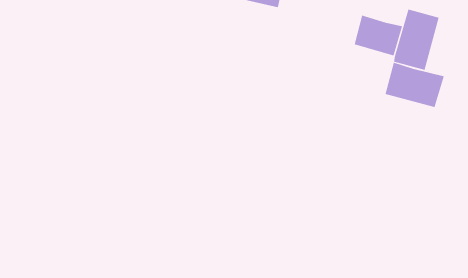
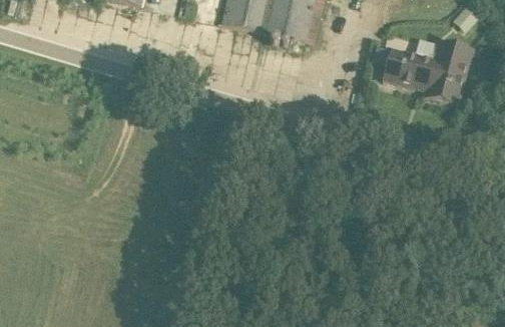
building: [385,62,444,108] -> none

